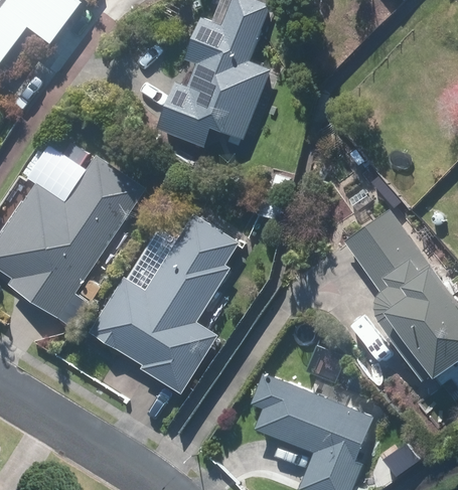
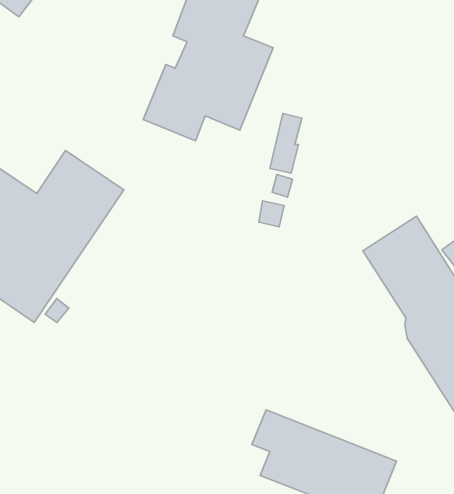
building: [89,214,238,393] -> none

